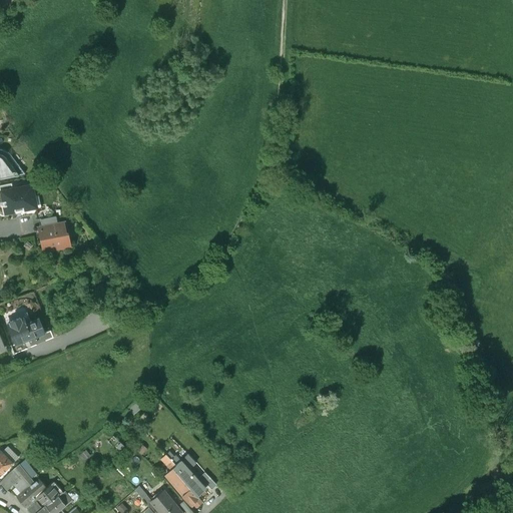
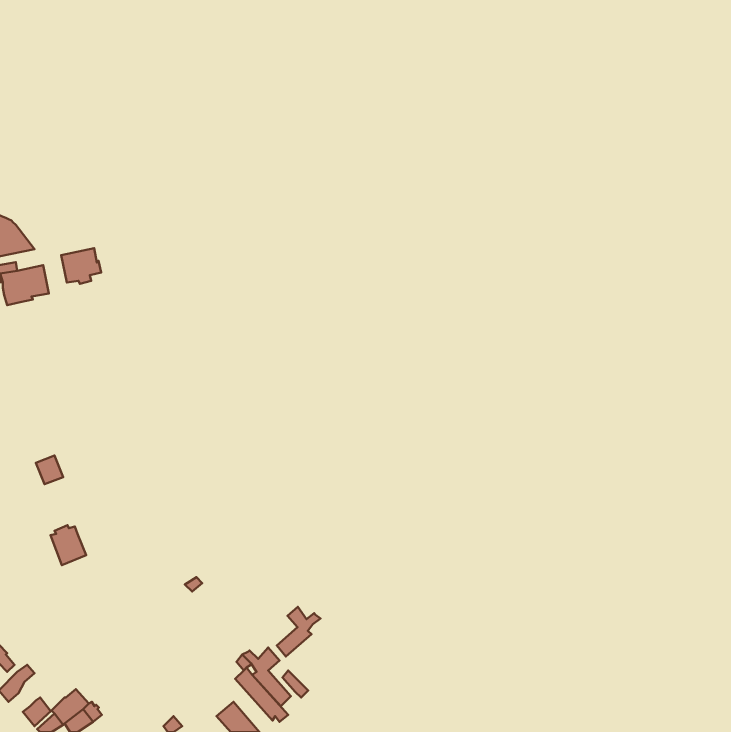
building: [39,224,67,249] -> [61,248,101,284]
building: [6,318,31,346] -> [50,525,86,565]
building: none -> [277,607,321,656]
building: [13,471,45,497] -> none

